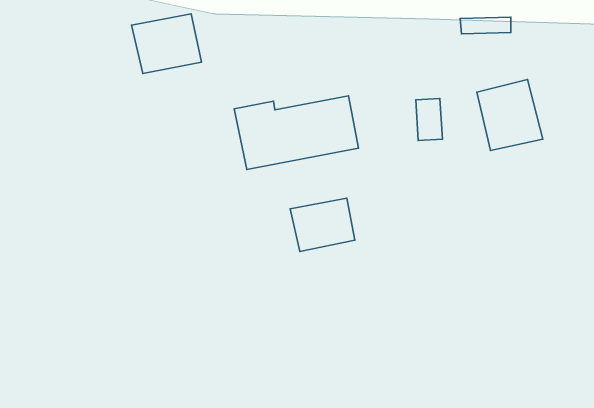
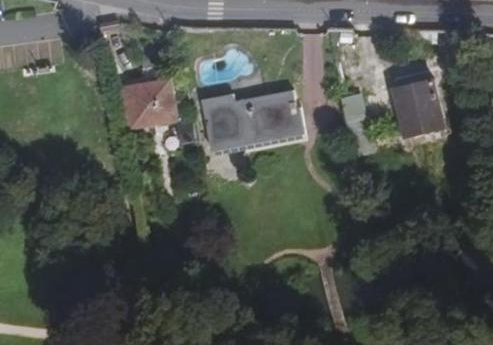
building: [132,14,201,73] -> [122,79,177,126]
building: [290,198,355,251] -> none

